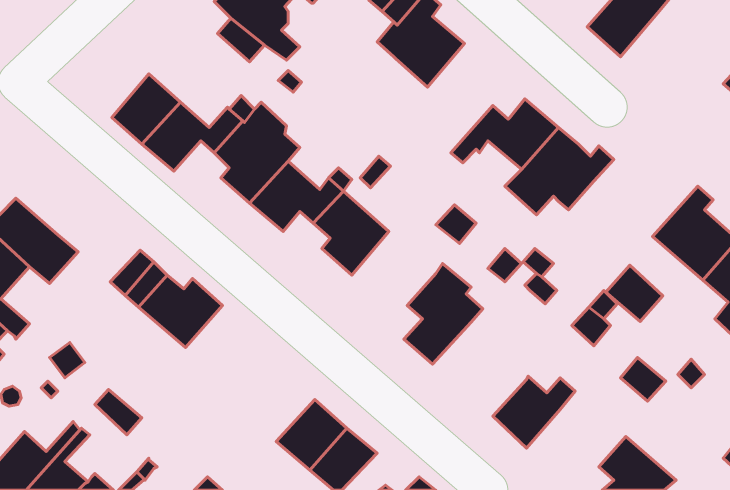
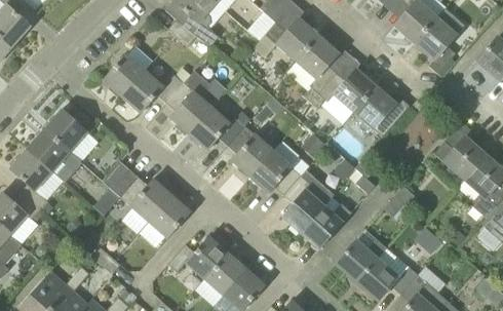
building: none -> [414,16,456,74]
building: none -> [295,35,339,102]
building: none -> [44,109,87,152]
building: none -> [249,142,308,195]
building: [606,265,663,321] -> none
building: none -> [148,195,190,238]
building: none -> [299,203,351,248]
building: none -> [167,236,227,278]
building: none -> [356,247,417,301]

